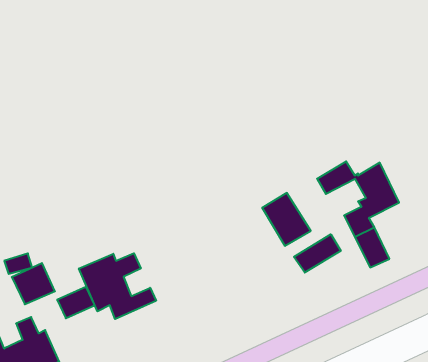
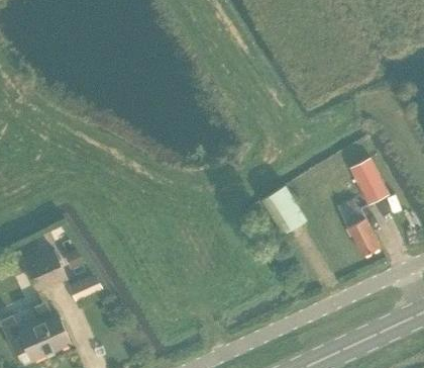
building: [294,234,341,273] -> none
building: [79,253,156,319] -> none

